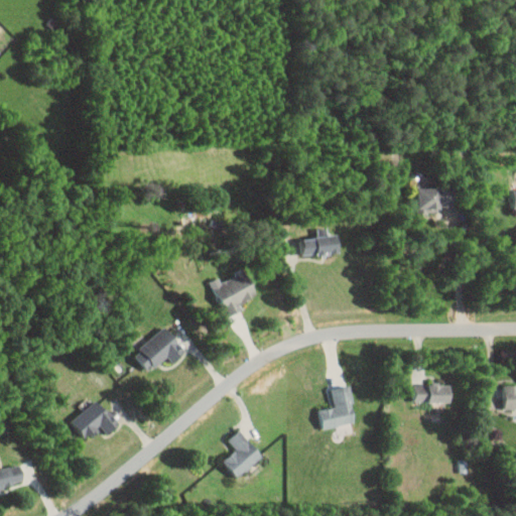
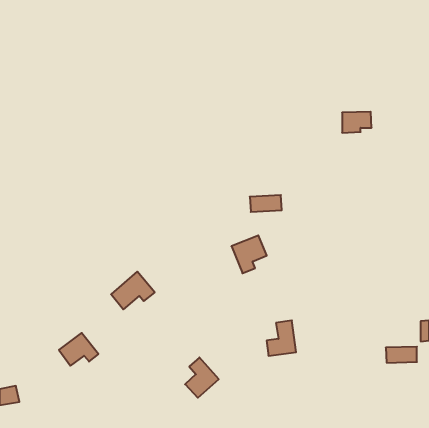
building: [414,188,449,214] -> [342,112,372,133]
building: [214,272,256,317] -> [231,235,267,273]
building: [413,385,450,404] -> [386,347,417,363]

